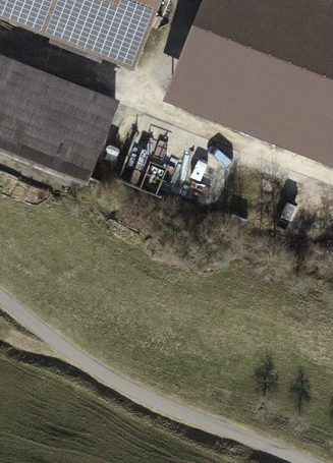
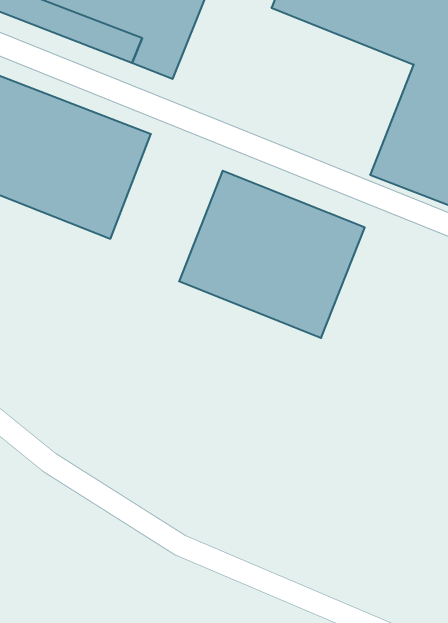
building: [168,16,298,133] -> [179,171,365,338]

